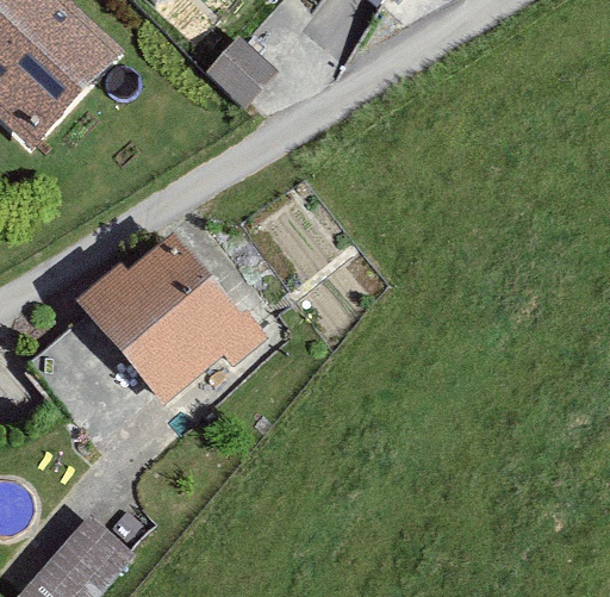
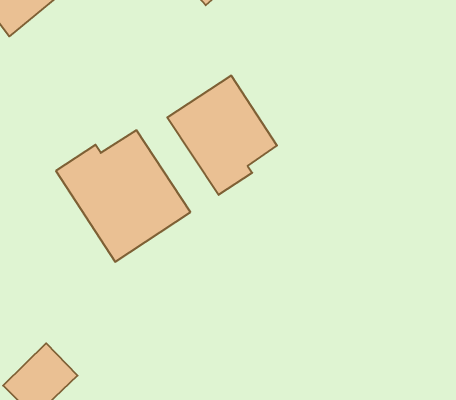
building: none -> [167,75,277,195]

